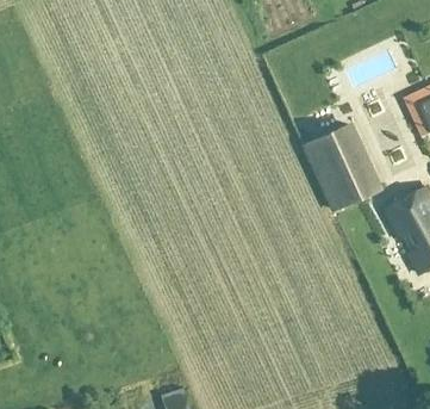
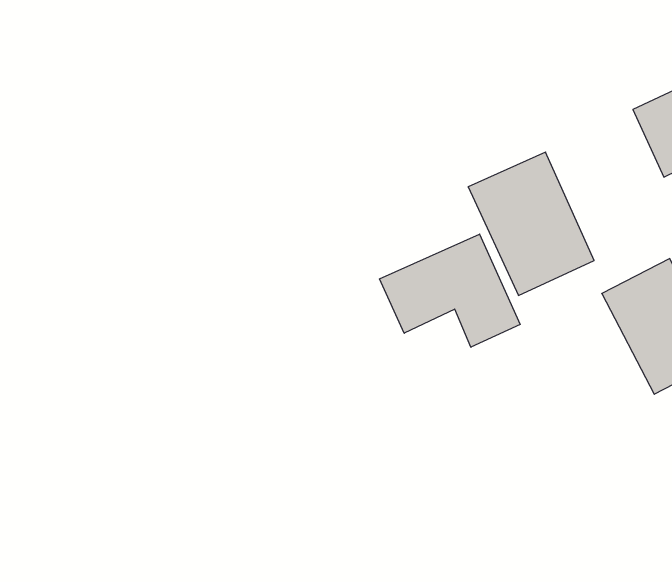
building: none -> [380,234,520,347]

